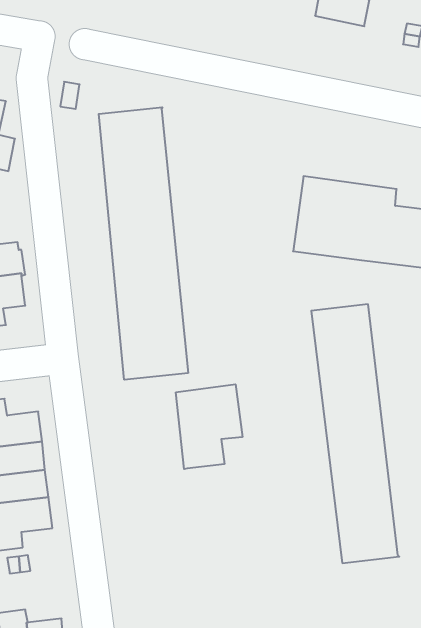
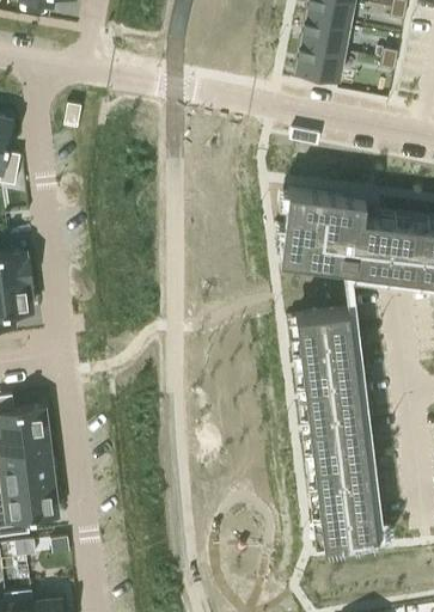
building: none -> [293,41,344,78]
building: [99,107,188,380] -> none
building: [176,384,242,469] -> none

